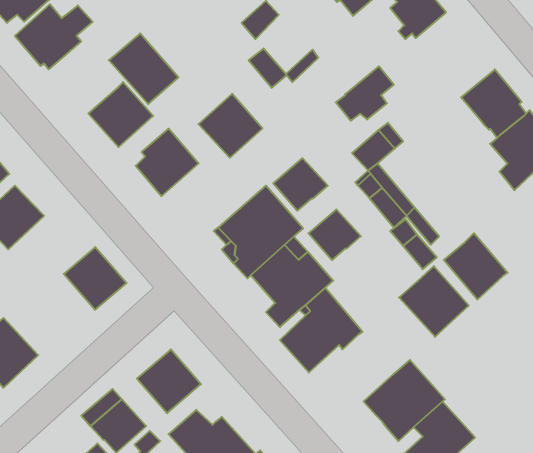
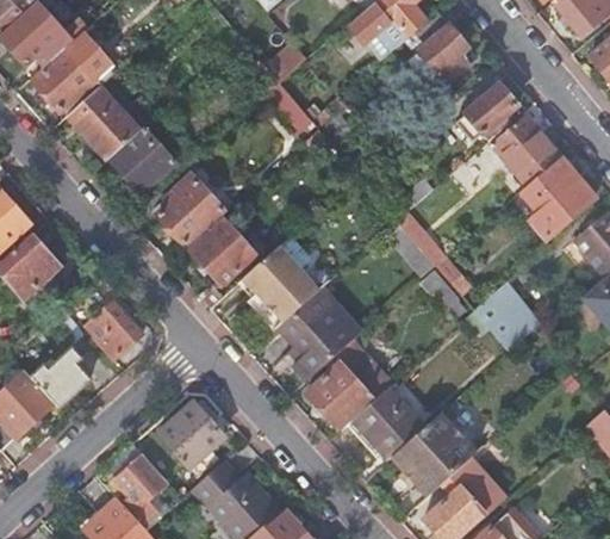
building: [109,33,178,104] -> [68,87,139,160]
building: [336,66,394,121] -> [456,85,516,141]
building: [198,94,262,158] -> [188,219,254,285]
building: [273,158,328,211] -> none
building: [308,209,361,260] -> none
building: [399,266,469,337] -> [350,386,422,459]
building: none -> [35,346,94,407]

